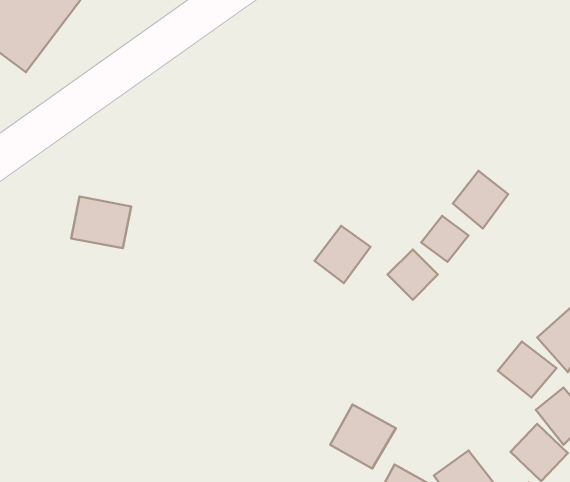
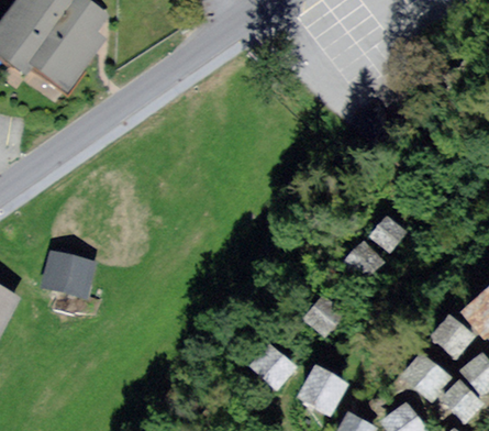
building: [453,171,508,228] -> none
building: [71,197,131,248] -> [46,258,93,299]
building: [314,226,370,283] -> [302,289,346,334]
building: none -> [248,338,297,386]
building: none -> [400,349,453,399]

